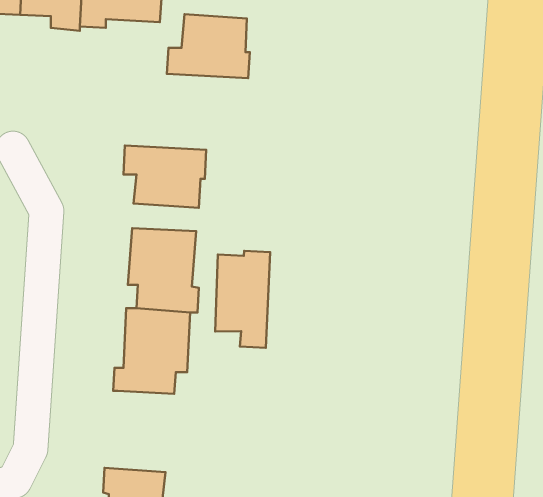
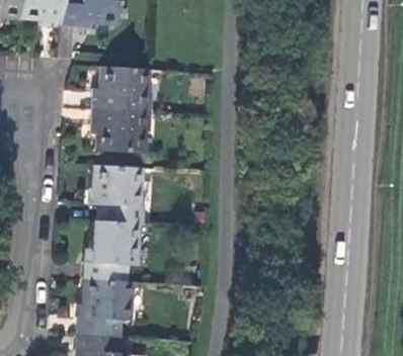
building: [167,14,250,78] -> [91,66,149,110]
building: [215,251,270,348] -> none
building: none -> [77,278,129,335]

